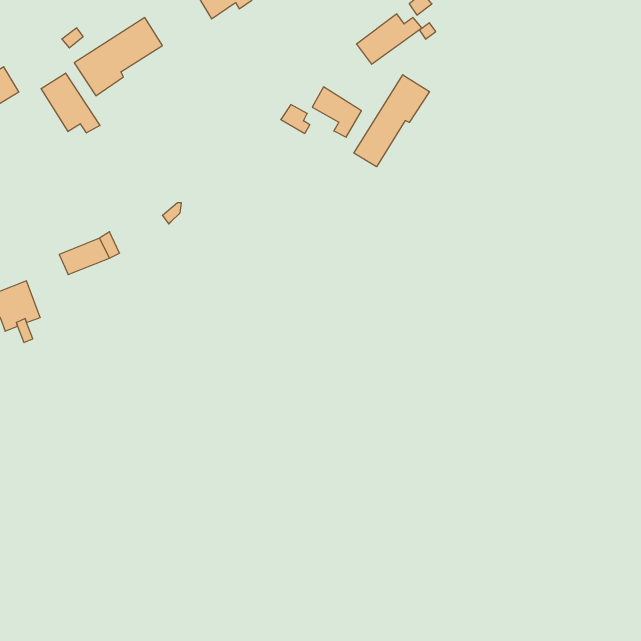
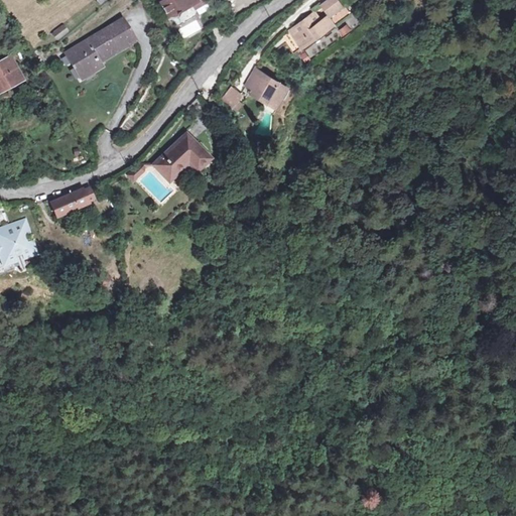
building: [41,73,100,133] -> none
building: [354,75,429,167] -> none
building: none -> [156,134,220,184]

